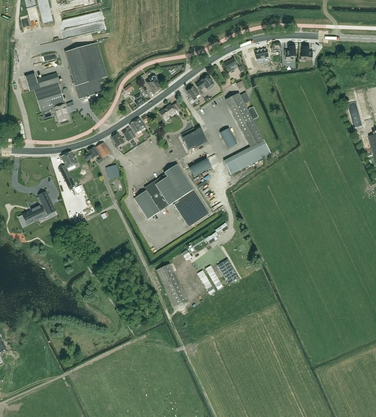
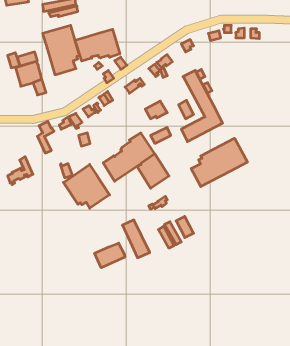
building: none -> [75,29,120,61]
building: none -> [191,138,247,187]
building: none -> [63,164,110,208]
building: none -> [95,243,125,268]

